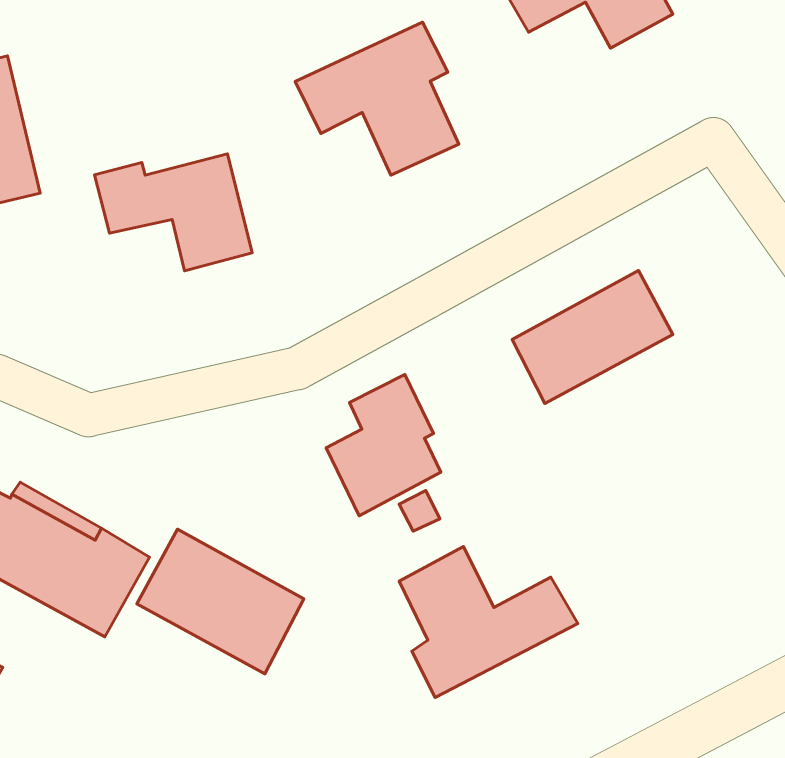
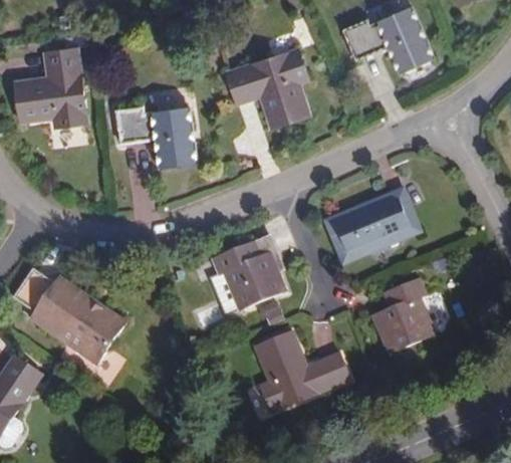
building: none -> [370,281,431,354]
building: [137,529,304,674] -> none

